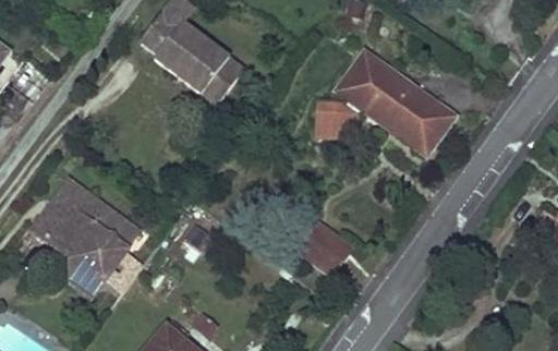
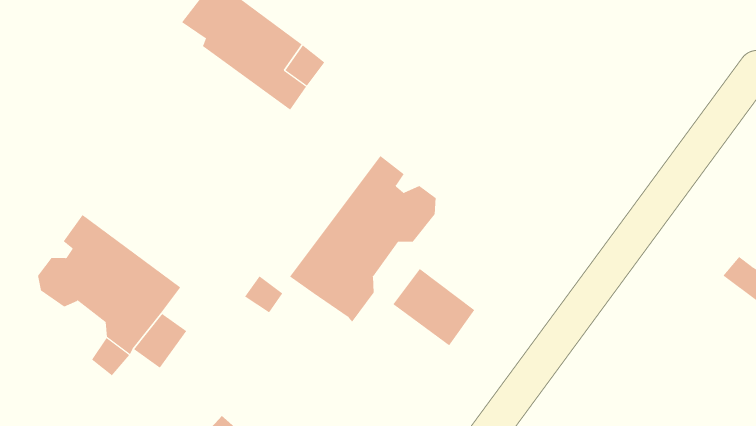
building: [318,50,453,152] -> none
building: none -> [289,155,436,323]

